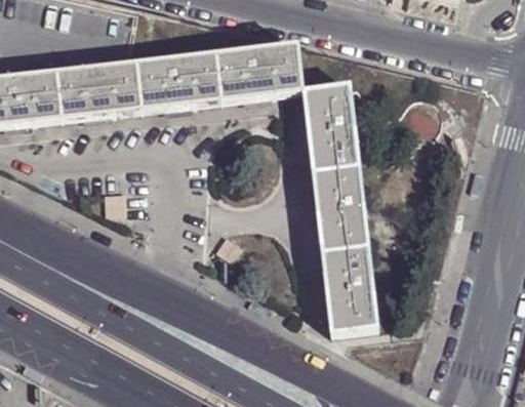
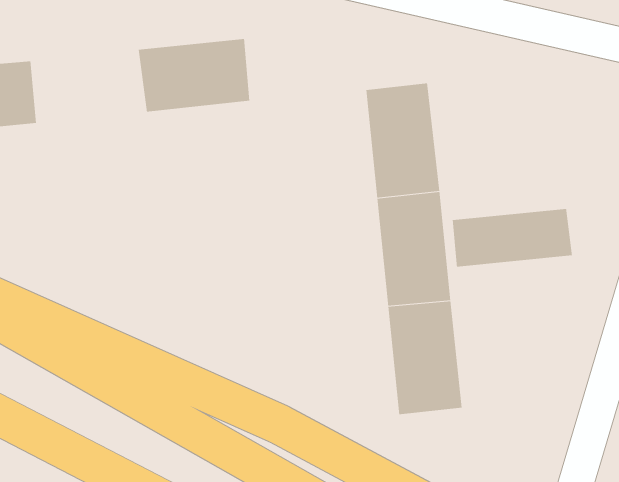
building: [214,44,304,99] -> none
building: [56,62,142,116] -> none
building: none -> [452,208,573,268]

